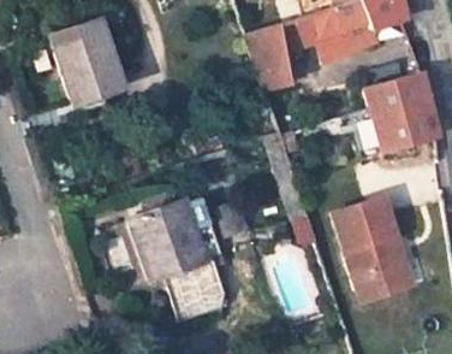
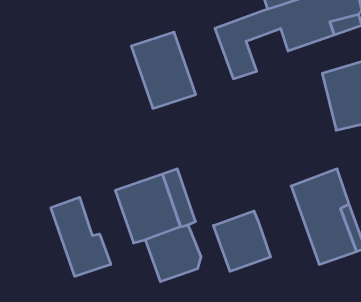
building: [52,18,124,104] -> [131,32,196,108]
building: none -> [51,197,111,276]
building: none -> [213,211,271,271]

